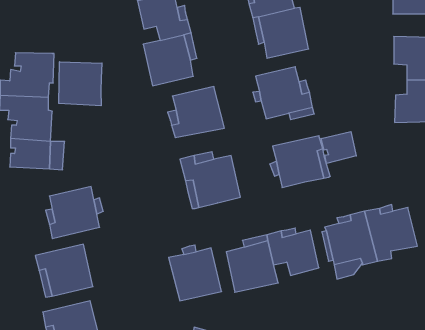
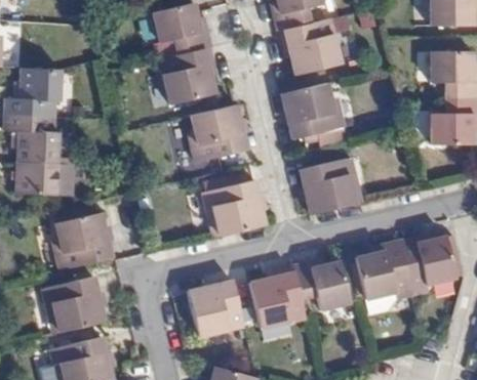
building: [59,62,102,106] -> none
building: [321,132,356,164] -> none

